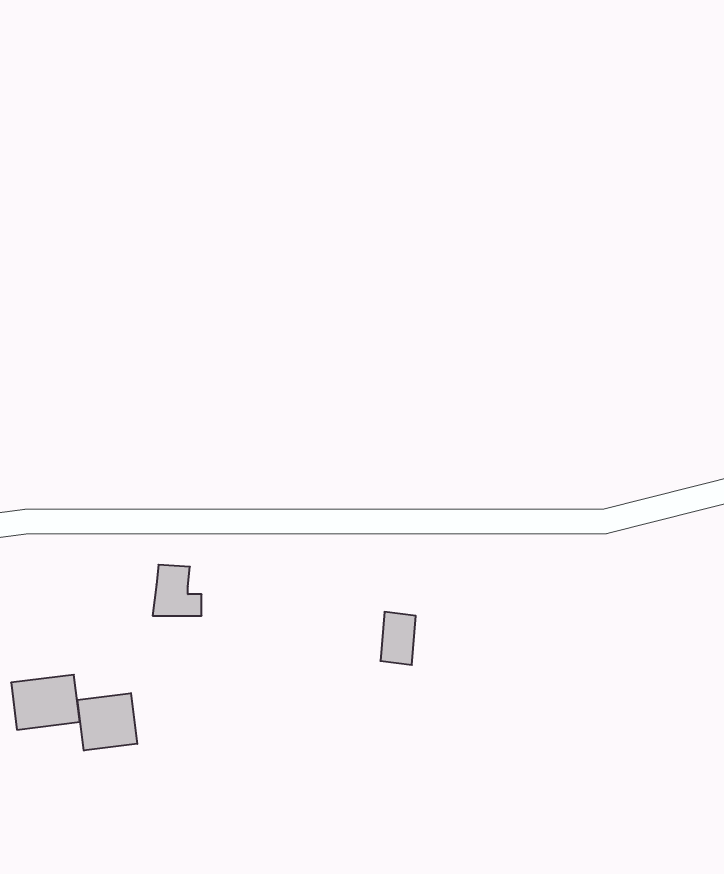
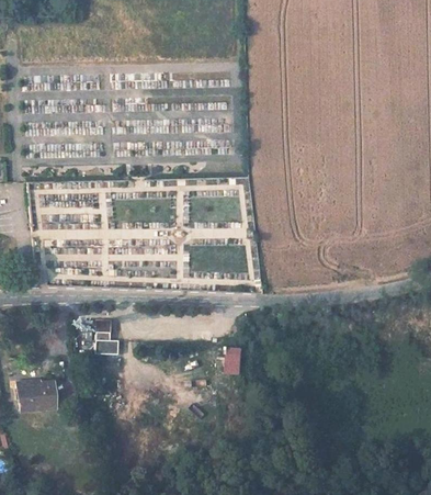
building: [78,693,137,751] -> none

